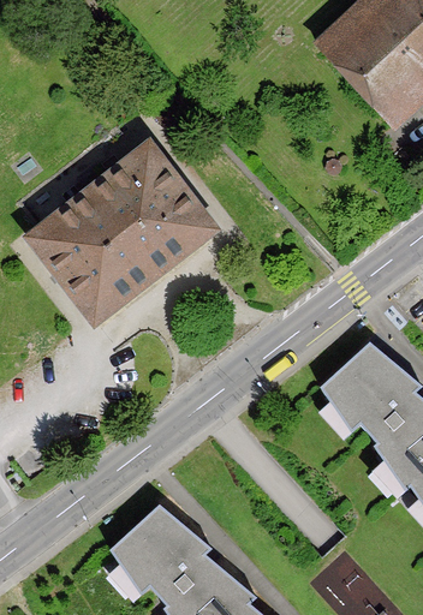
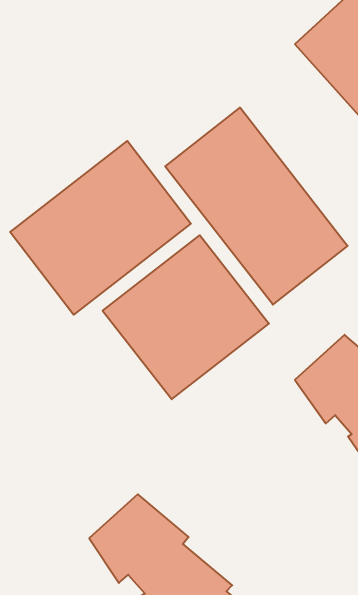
building: none -> [165,108,348,305]
building: none -> [103,235,269,399]

